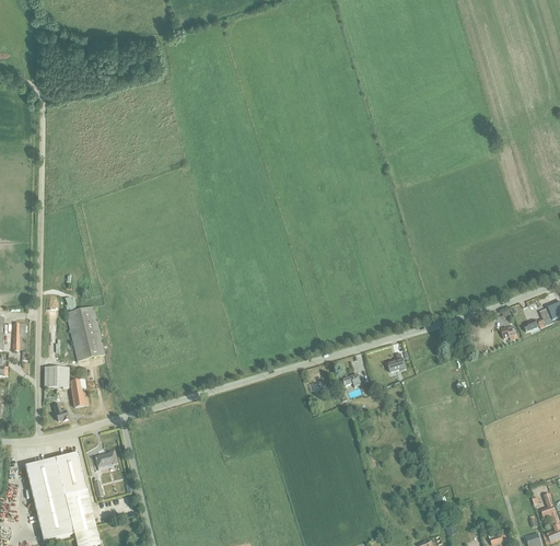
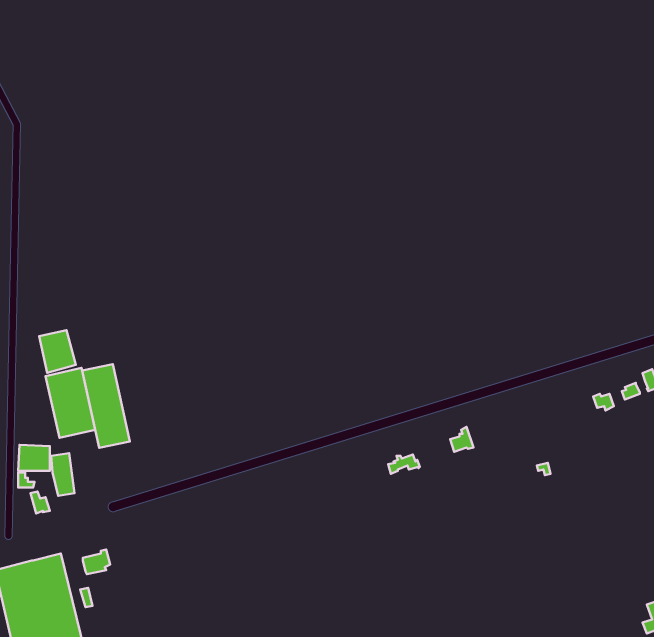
building: none -> [39,330,76,373]
building: none -> [82,364,130,448]

